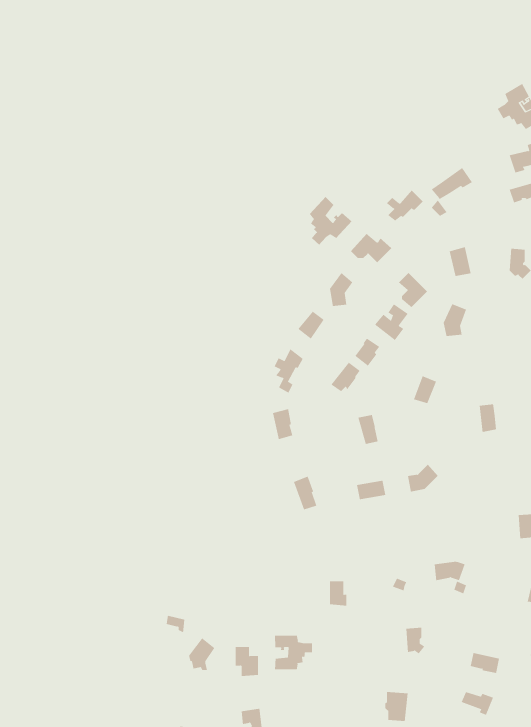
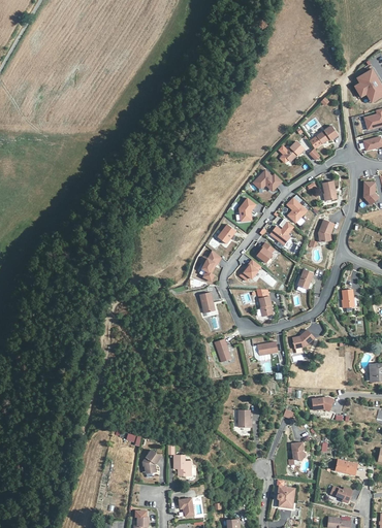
building: [309,196,353,245] -> none
building: [275,635,312,670] -> none

